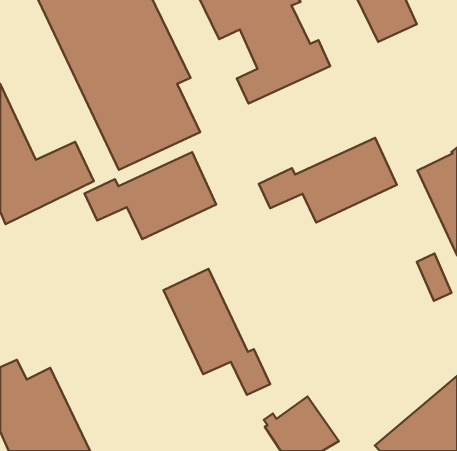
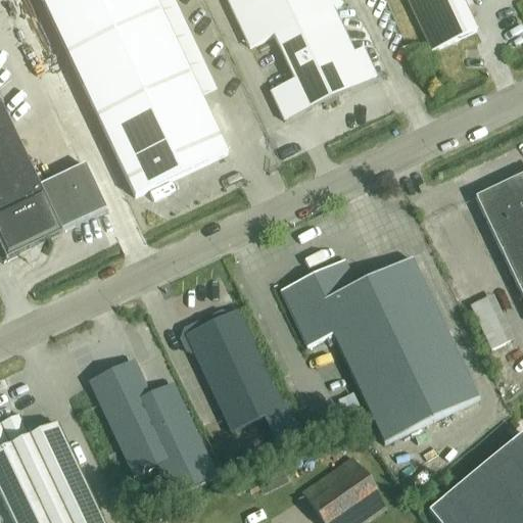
building: [259,138,397,223] -> none
building: [84,152,216,239] -> none
building: none -> [281,255,480,442]
building: none -> [89,361,216,493]

